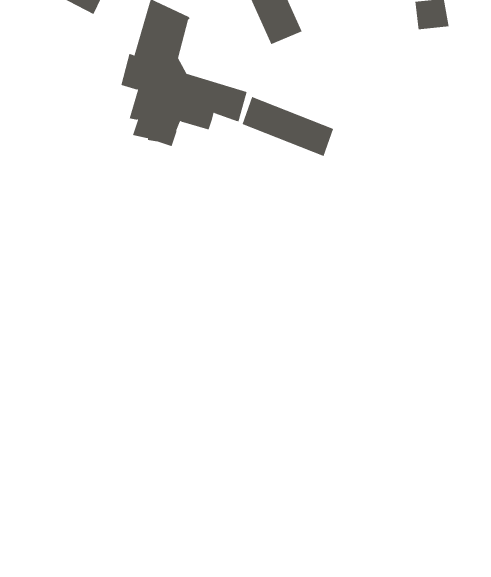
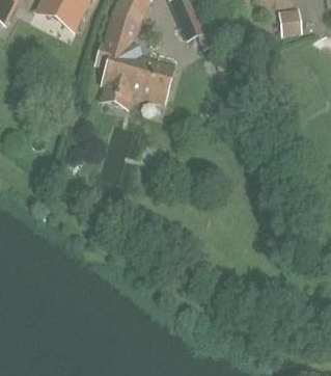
building: [242,96,334,157] -> none

